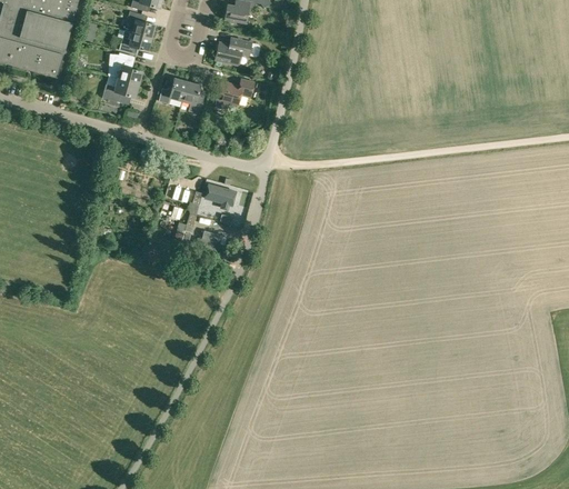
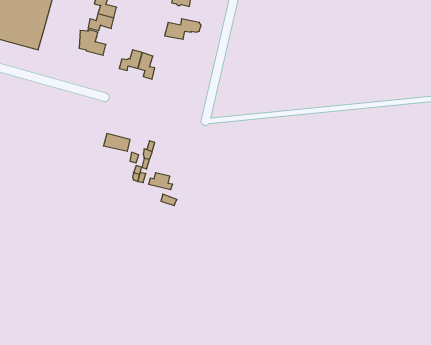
building: [102,78,138,101] -> none
building: [214,78,253,108] -> none
building: [203,181,237,203] -> [103,133,130,151]

